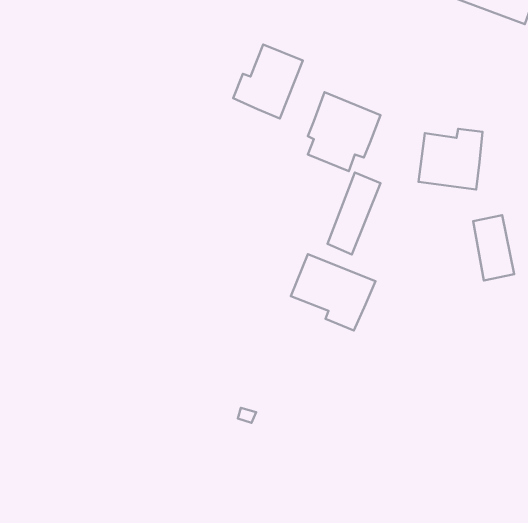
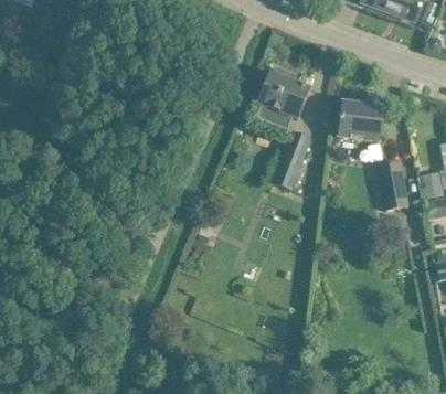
building: [233,44,303,118] -> none
building: [291,254,375,330] -> none

